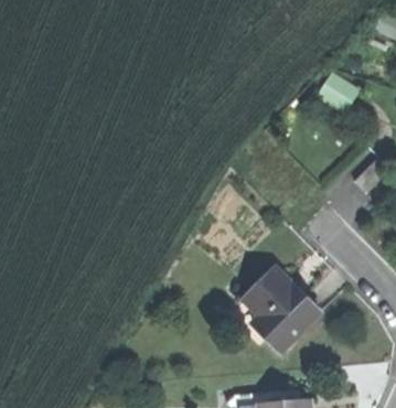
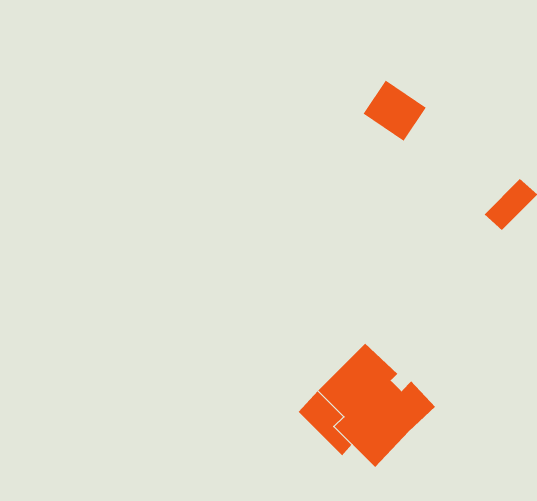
building: [315,72,358,114] -> [363,79,427,142]

